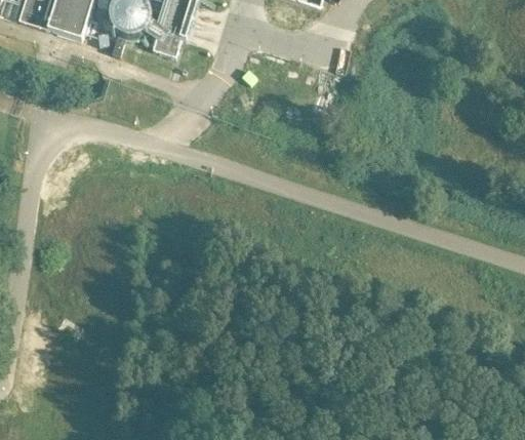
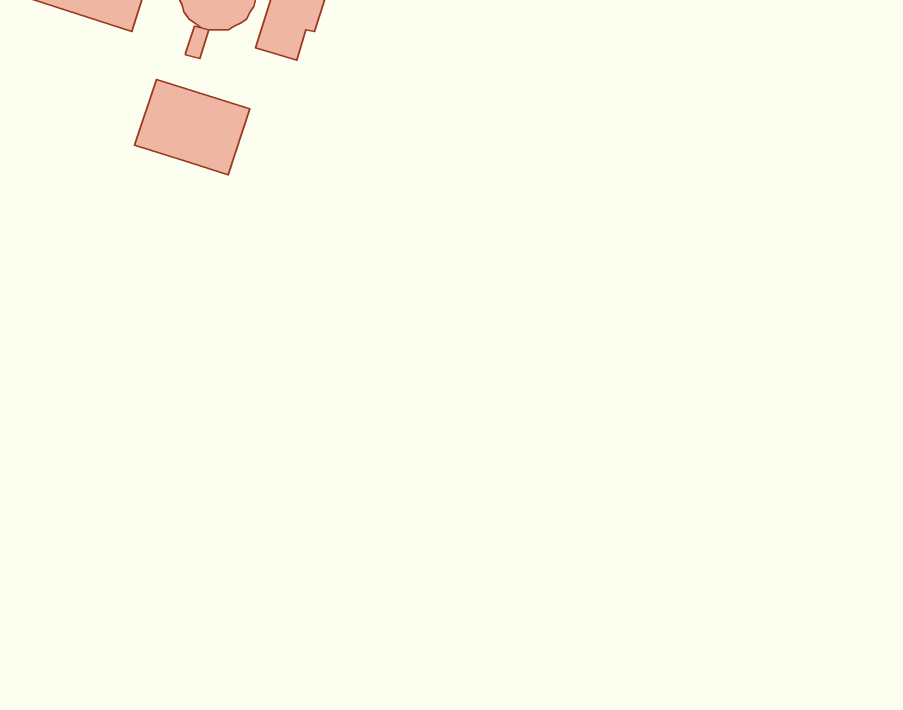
building: none -> [135,79,250,175]

